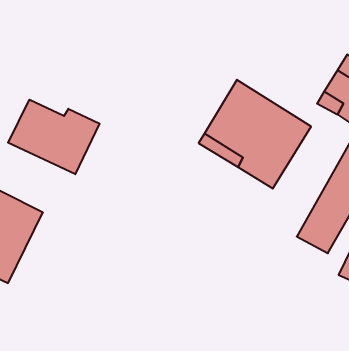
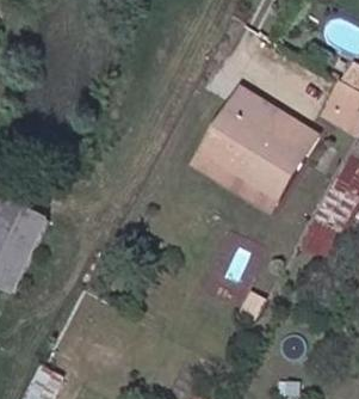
building: [8,100,100,174] -> none

